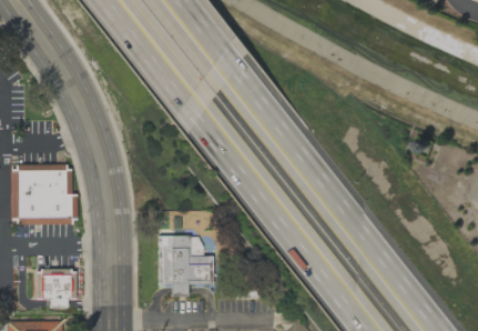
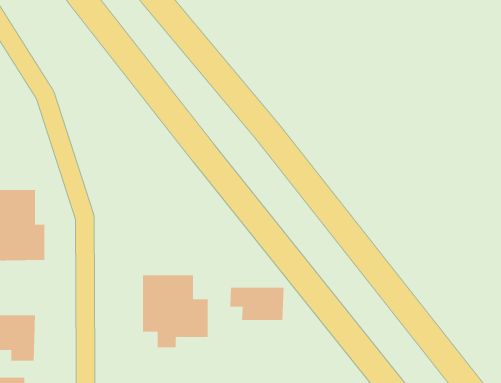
building: none -> [230,287,284,321]

